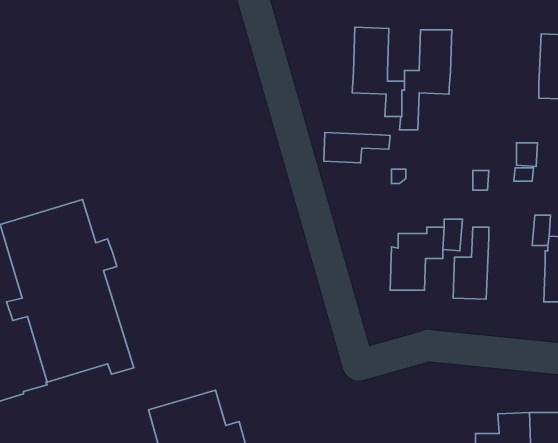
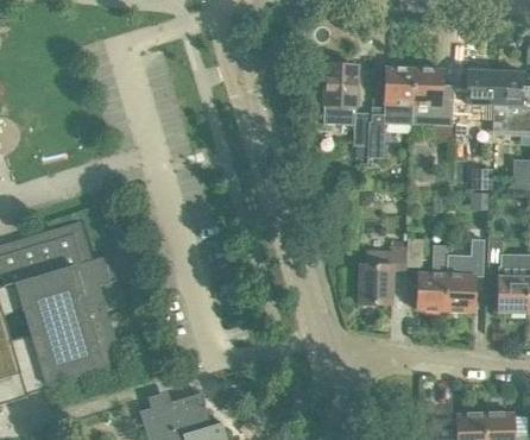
building: none -> [466,64,496,114]
building: none -> [412,65,455,125]
building: [324,133,390,163] -> none
building: none -> [446,238,484,310]

